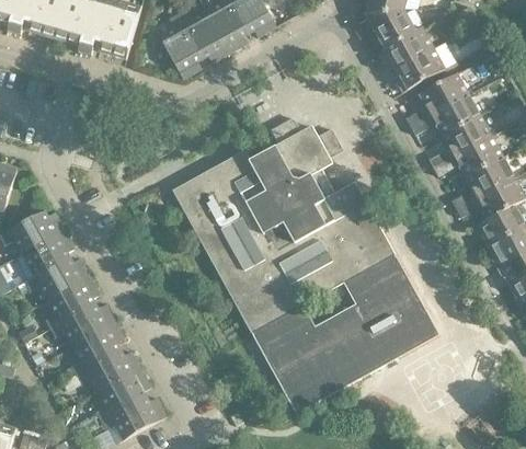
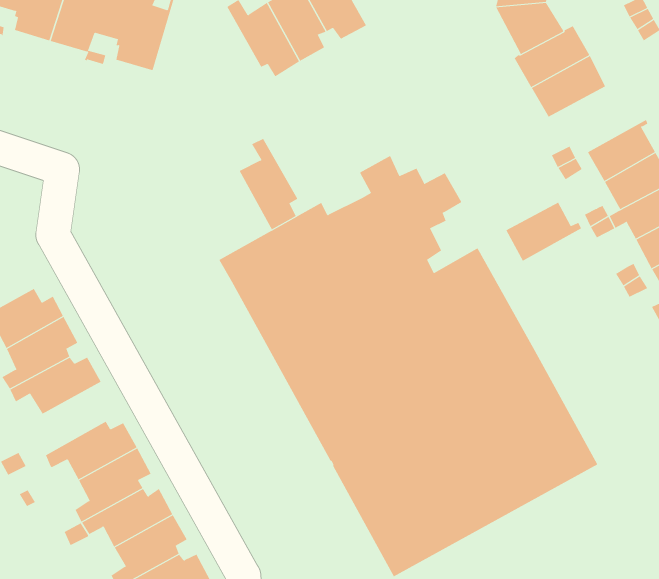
building: [161,12,203,77] -> [239,138,298,230]
building: [420,72,473,114] -> [505,202,582,261]
building: [46,275,101,326] -> none

